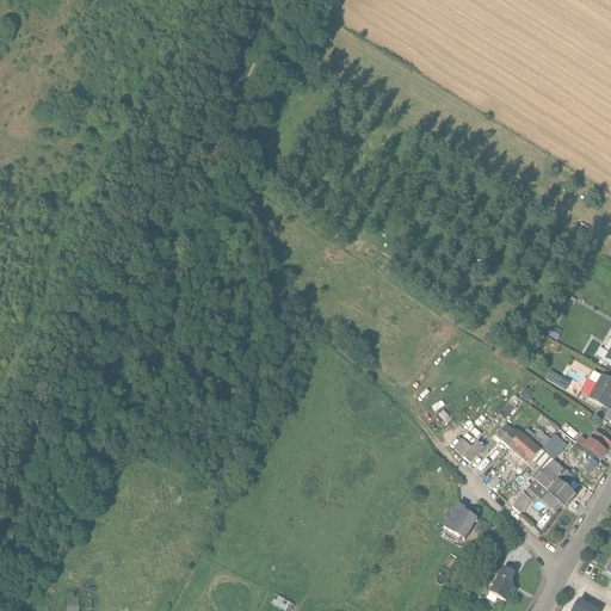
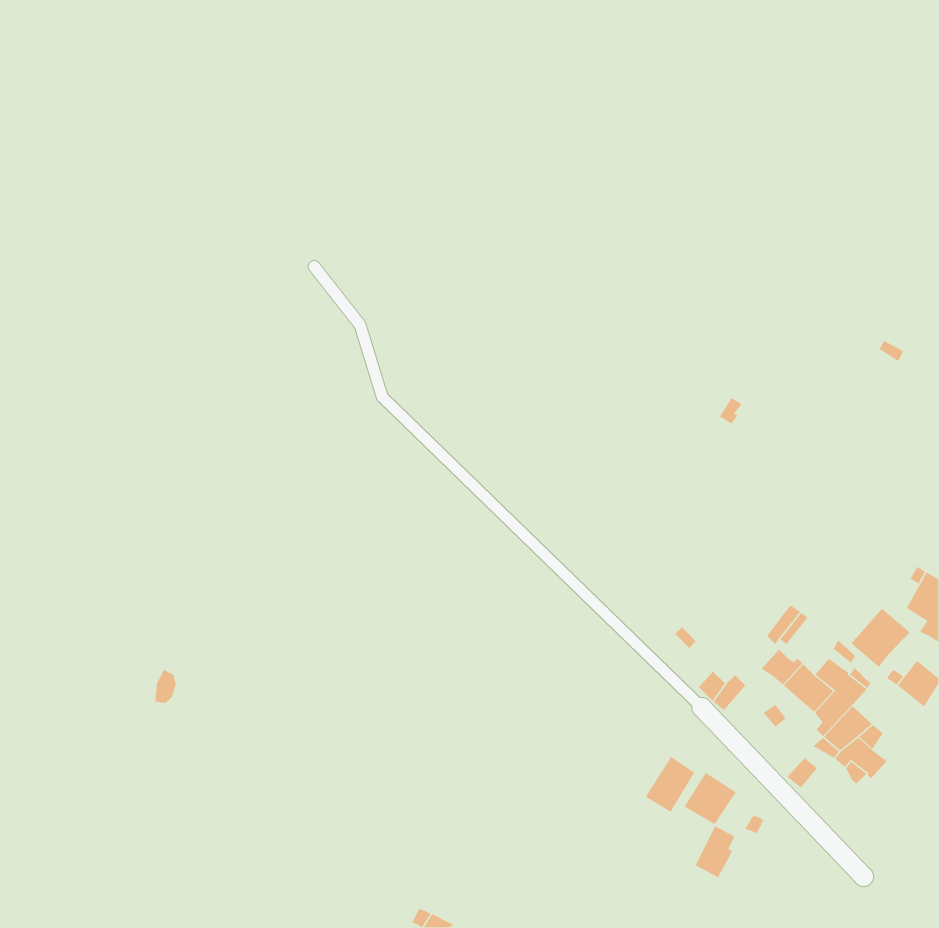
building: none -> [850,608,910,668]
building: none -> [645,756,695,813]
building: [489,562,516,597] -> [695,825,735,878]

